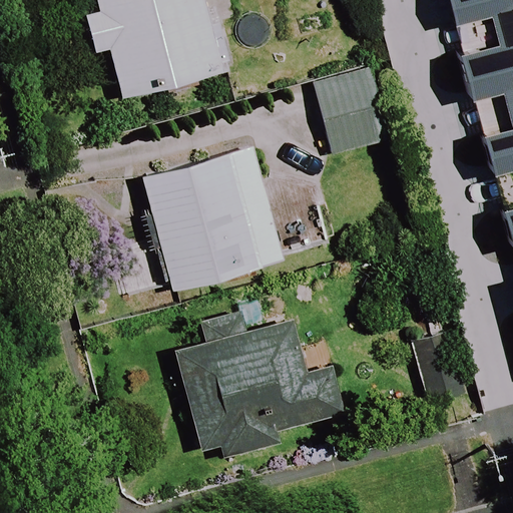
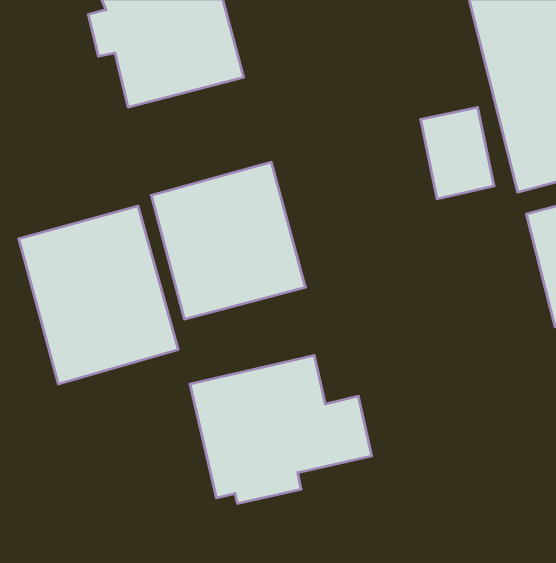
building: [317,71,384,154] -> [420,107,494,199]
building: none -> [19,206,178,384]

